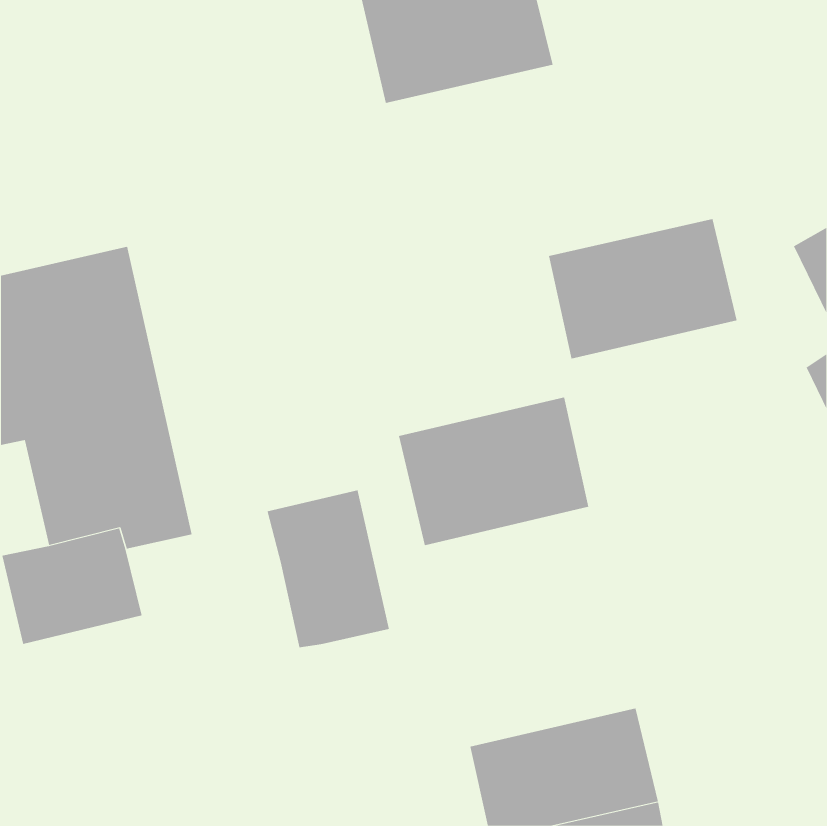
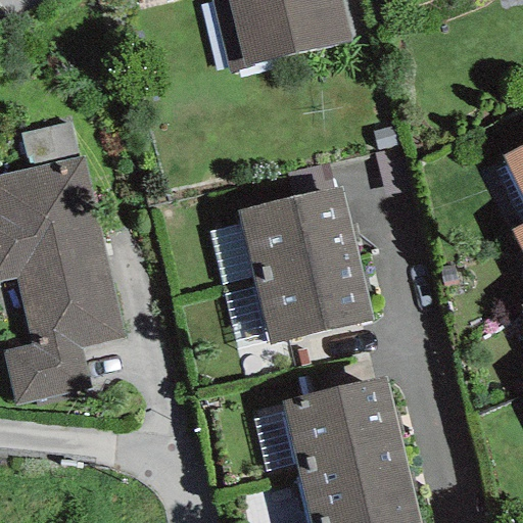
building: [548,218,737,359] -> [237,186,356,275]
building: [267,489,390,648] -> none
building: none -> [279,376,401,471]

